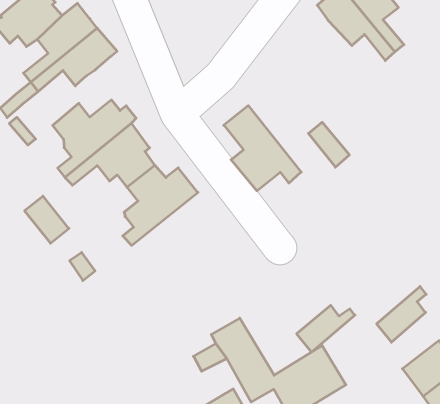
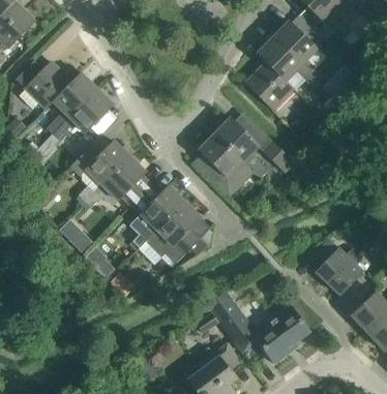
building: none -> [245,64,294,110]
building: none -> [215,118,268,178]
building: none -> [141,202,201,264]
building: [297,305,355,352] -> [316,247,357,283]

